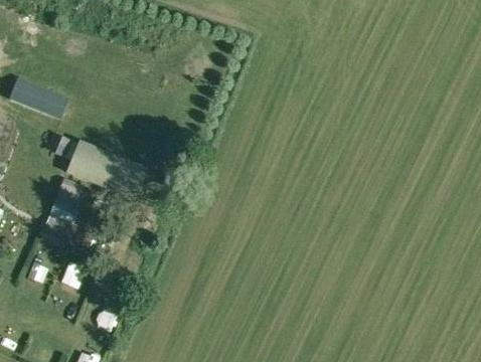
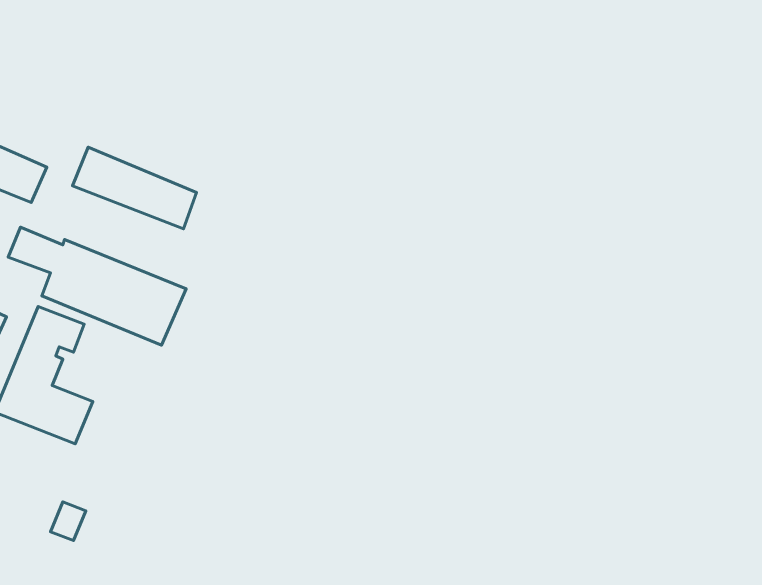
building: none -> [72,147,196,229]

